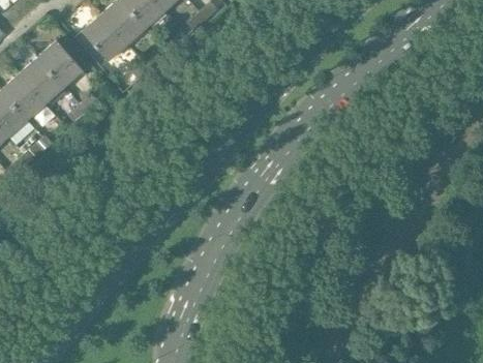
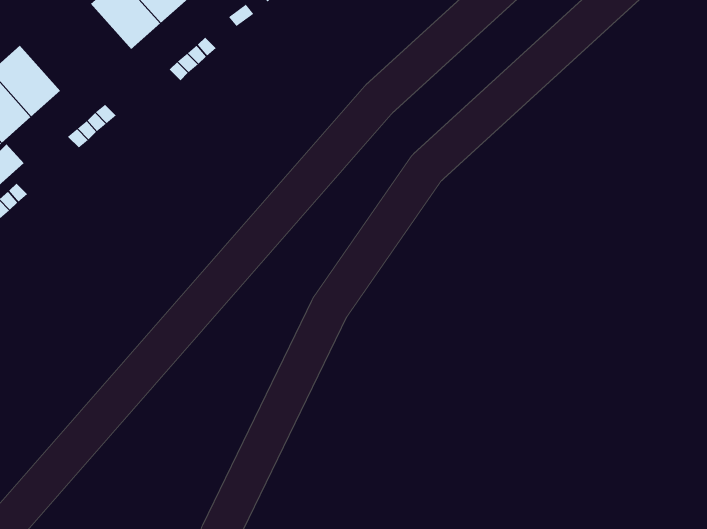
building: [38,40,83,86] -> none

